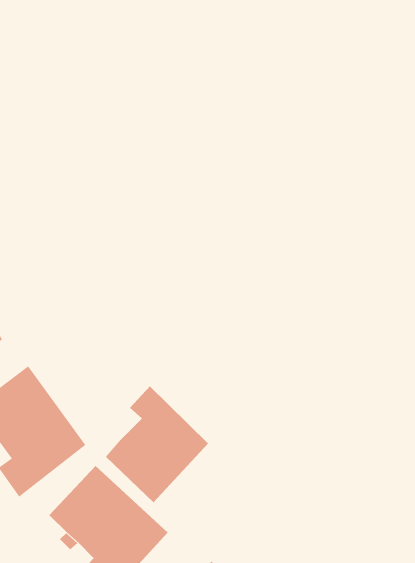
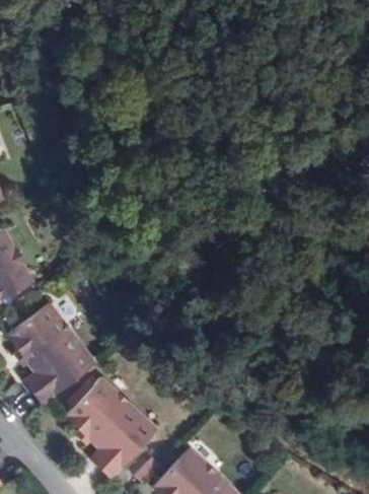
building: [105,386,209,503] -> none

